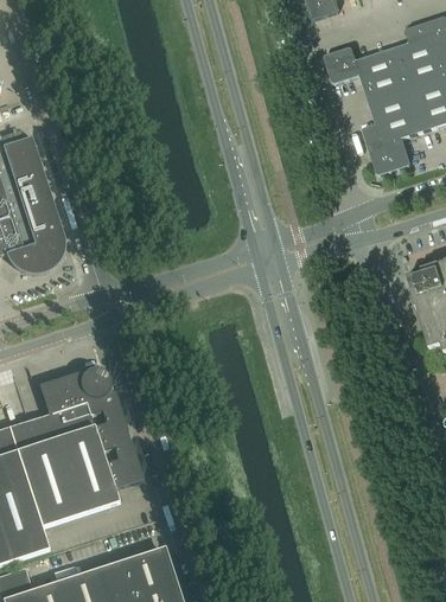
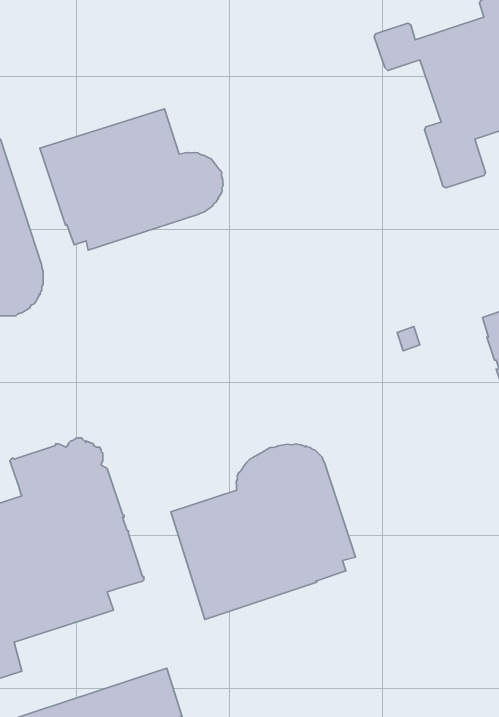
building: none -> [40,109,223,250]
building: none -> [171,444,356,619]

